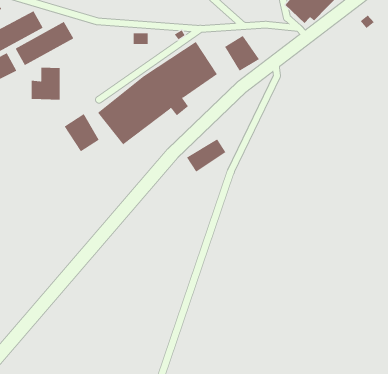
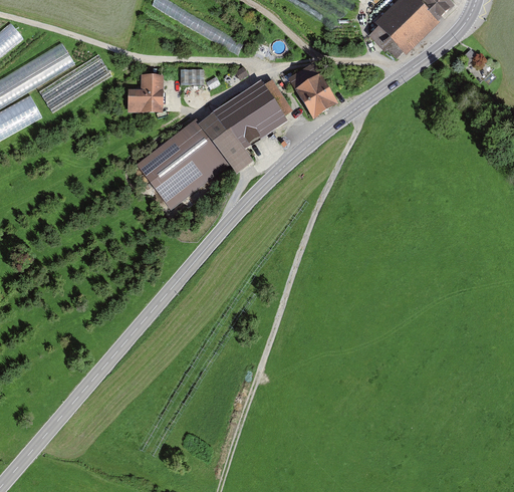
building: [31,67,60,100] -> [126,72,163,112]
building: [64,113,99,152] -> none
building: [186,138,226,172] -> none

